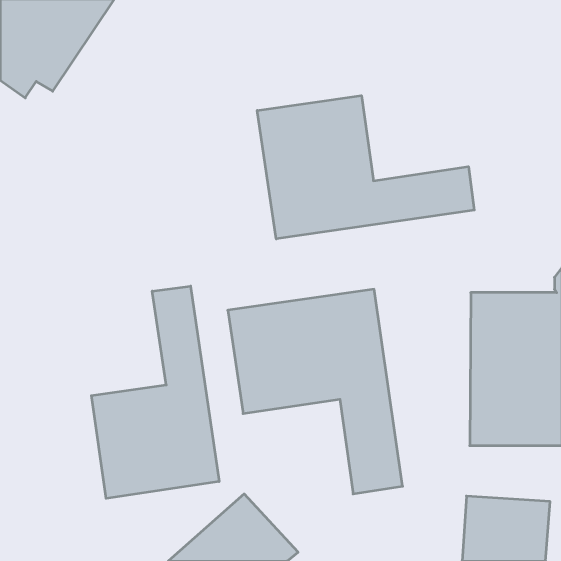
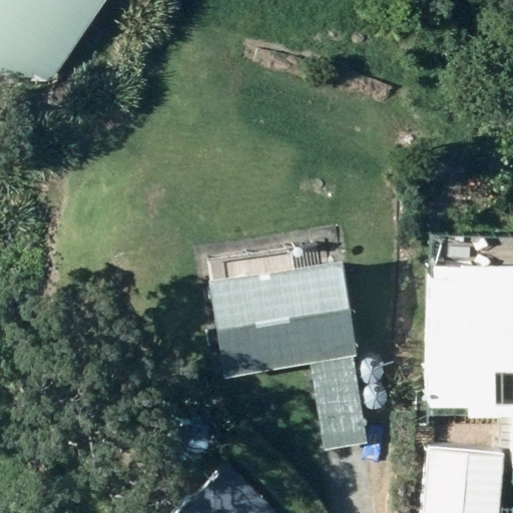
building: [257,96,474,239] -> none
building: [91,286,219,498] -> none

